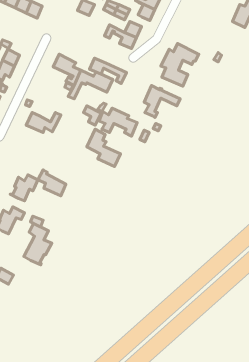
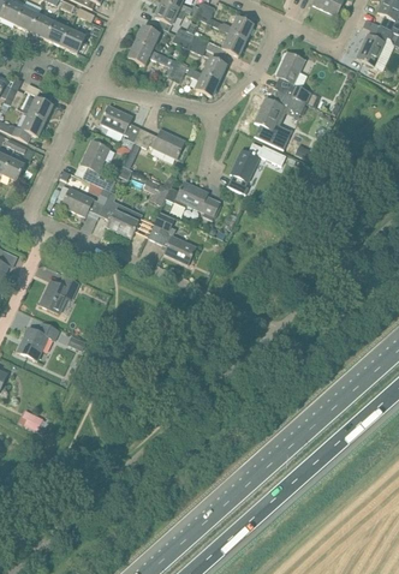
building: none -> [275,50,320,104]
building: [89,58,126,83] -> [127,41,180,77]
building: none -> [81,139,113,190]
building: [38,170,66,196] -> [99,199,138,237]
building: [24,224,52,265] -> none

